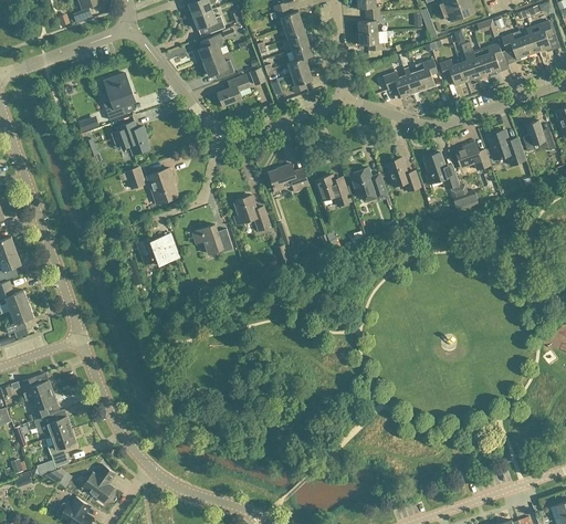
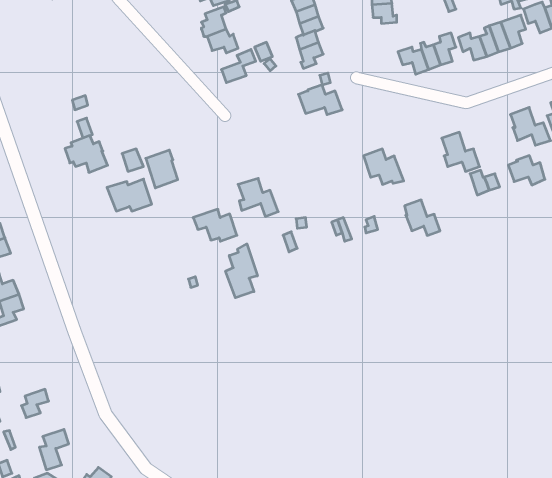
building: [103,72,133,119] -> none
building: [111,120,150,155] -> [65,136,108,172]
building: [455,142,490,169] -> [508,156,545,185]
building: [387,157,420,190] -> [405,200,440,235]
building: [269,164,310,191] -> [298,85,342,115]
building: [315,175,352,206] -> none
building: [136,233,178,263] -> [107,179,152,211]
building: none -> [226,244,257,298]
building: [22,376,53,400] -> none
building: [33,413,71,436] -> none

